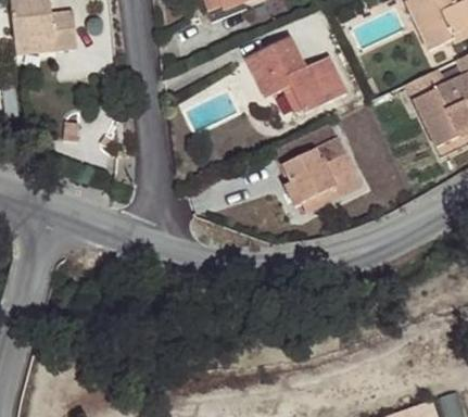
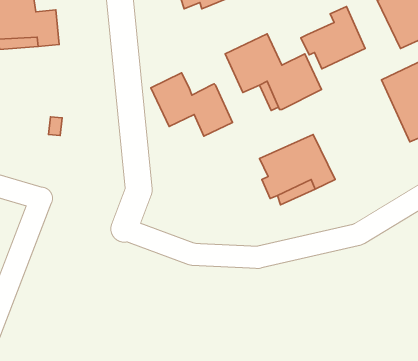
building: none -> [301,6,365,69]
building: none -> [151,73,233,136]

